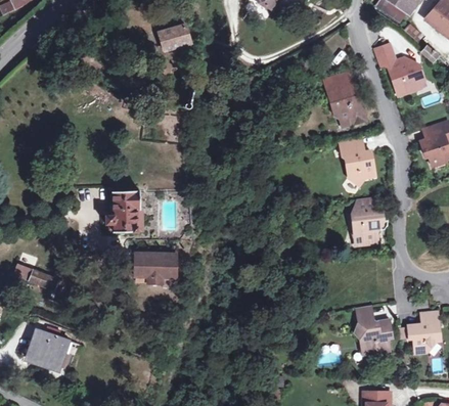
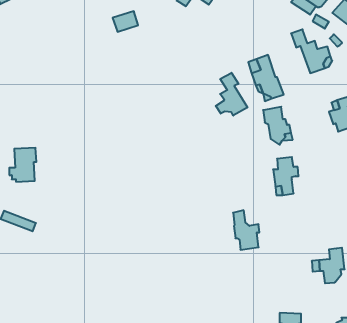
building: none -> [216,73,247,116]
building: [105,191,139,233] -> [9,148,36,182]
building: [132,250,175,281] -> none
building: [358,306,391,355] -> [233,210,259,250]
building: [27,329,71,367] -> none

